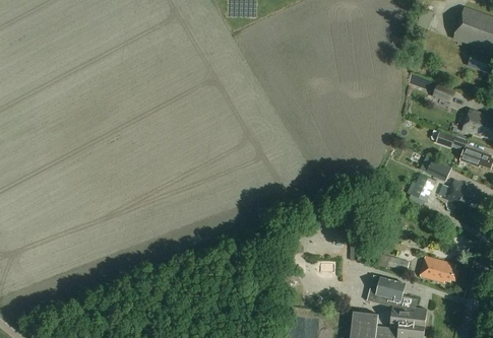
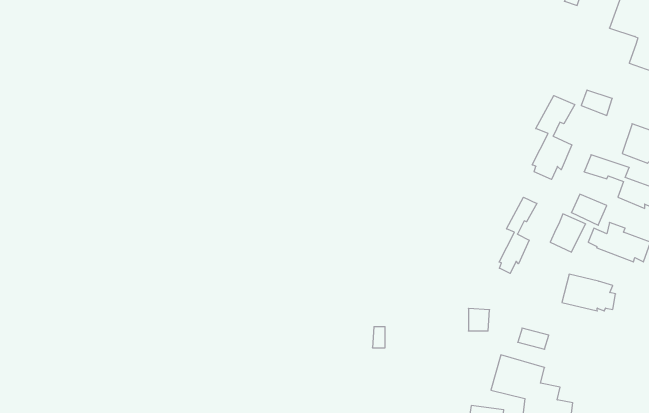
building: none -> [532,96,575,179]
building: none -> [499,197,537,273]
building: [419,256,457,282] -> [562,274,616,311]

